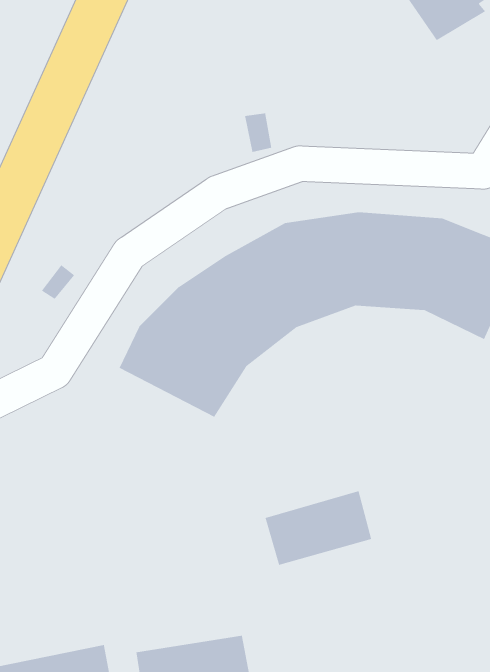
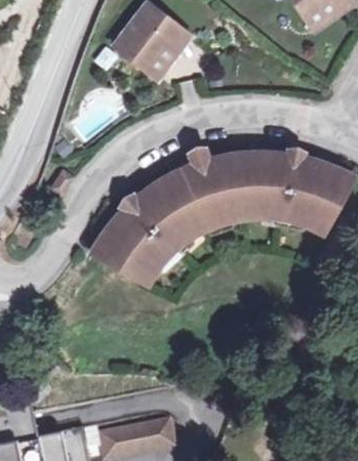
building: none -> [106,11,174,85]
building: [265,490,372,566] -> none

